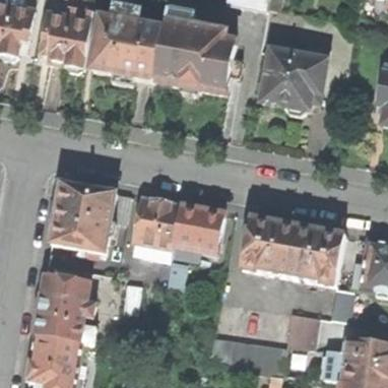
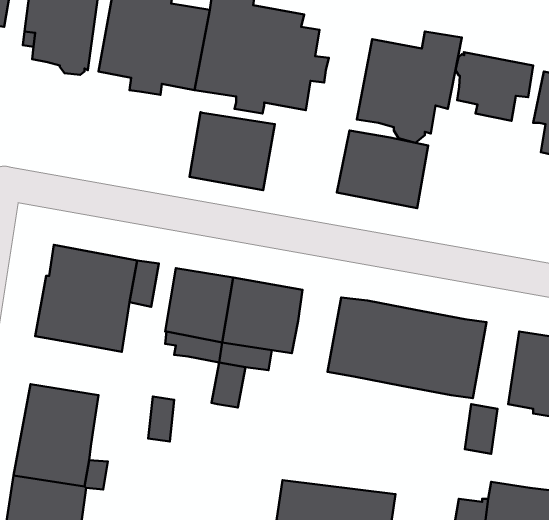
building: none -> [456,52,533,121]
building: none -> [189,112,275,190]
building: none -> [337,131,428,208]
building: [285,311,317,347] -> none

